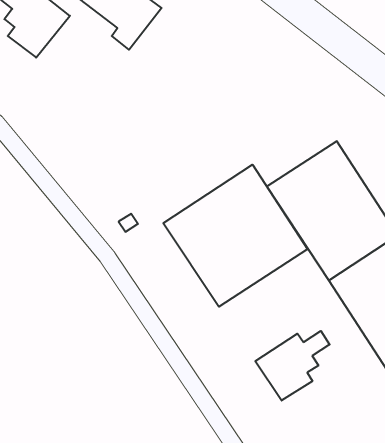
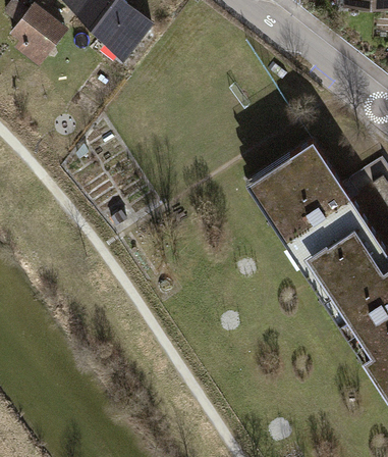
building: [163,165,307,307] -> none
building: [255,331,330,401] -> none

